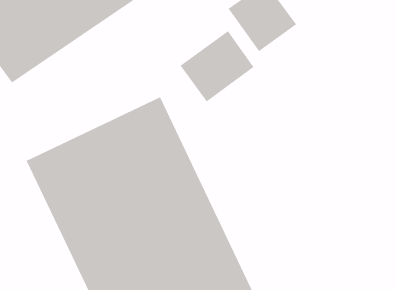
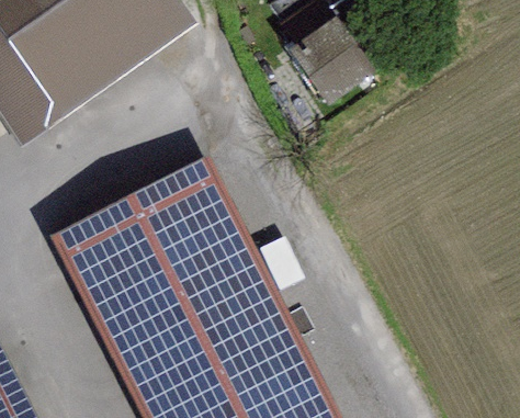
building: [179,30,254,103] -> none

